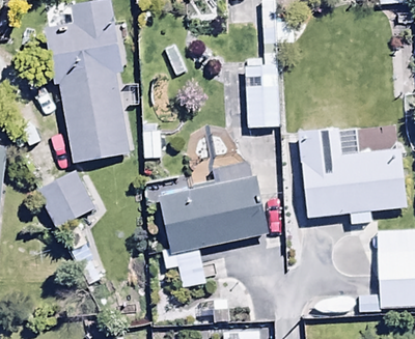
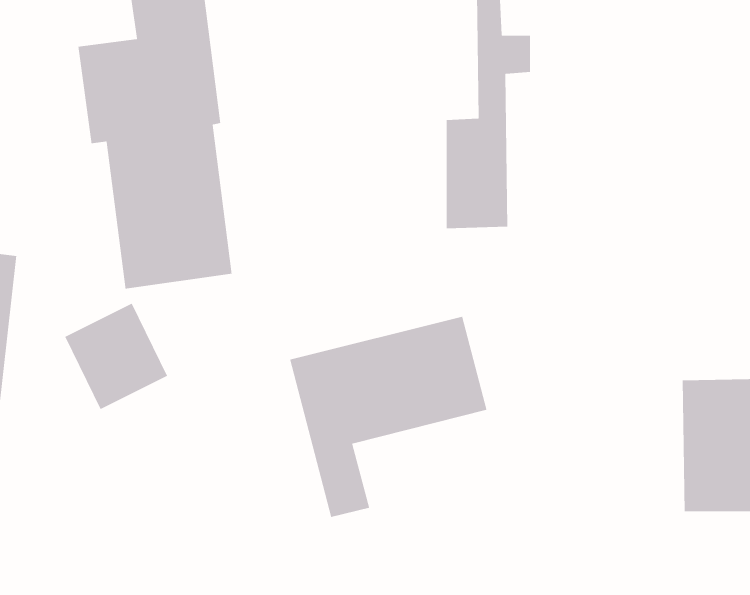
building: [300,125,408,222] -> none

